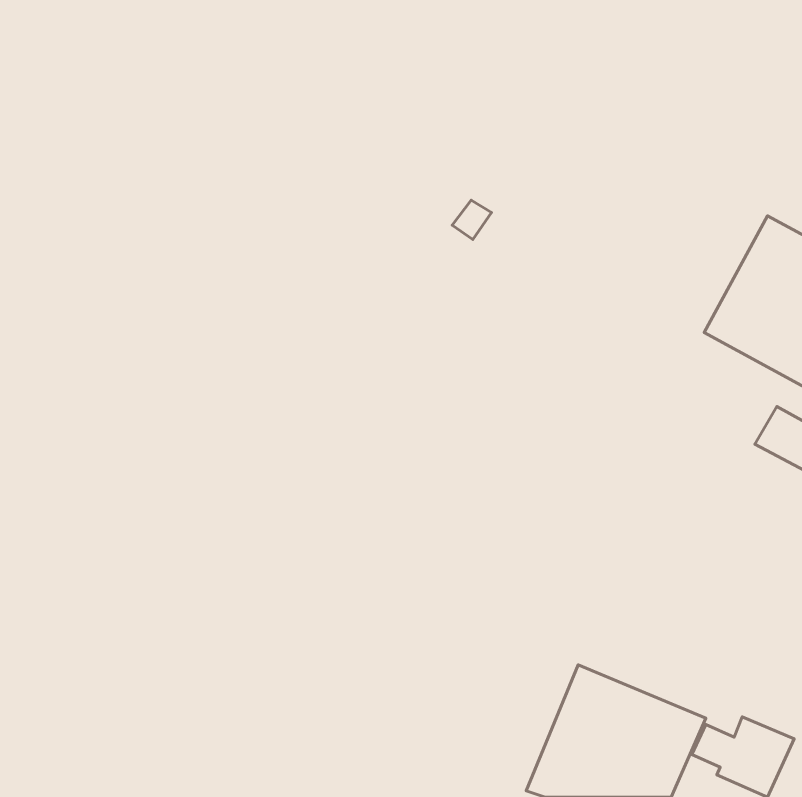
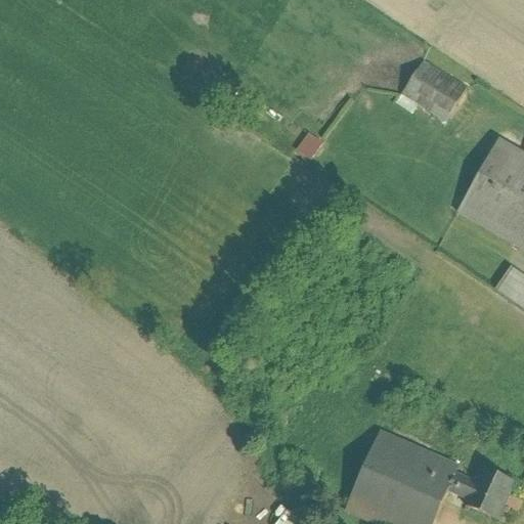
building: none -> [396,53,468,118]

